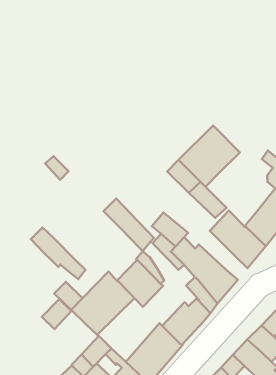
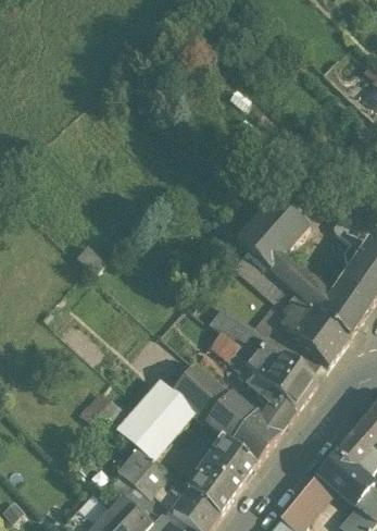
building: [104,199,154,251] -> [272,254,335,316]
building: [31,227,85,279] -> none
building: none -> [266,323,315,369]
building: none -> [205,391,255,443]
building: [42,299,72,329] -> [118,447,154,484]

